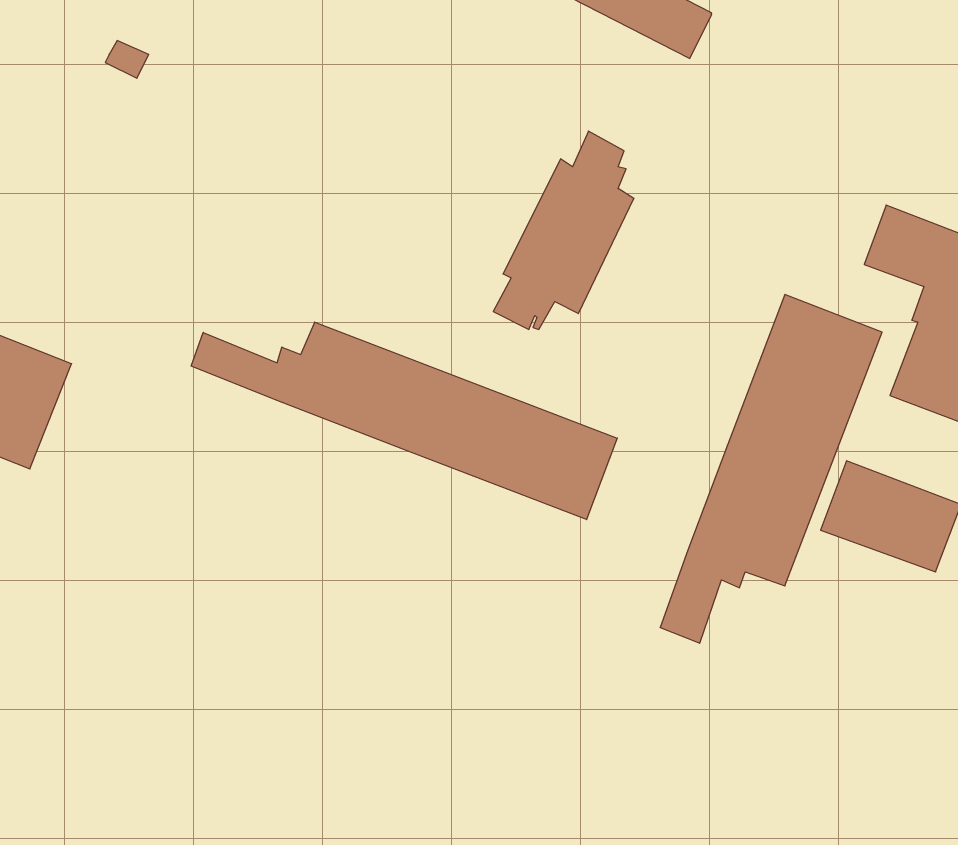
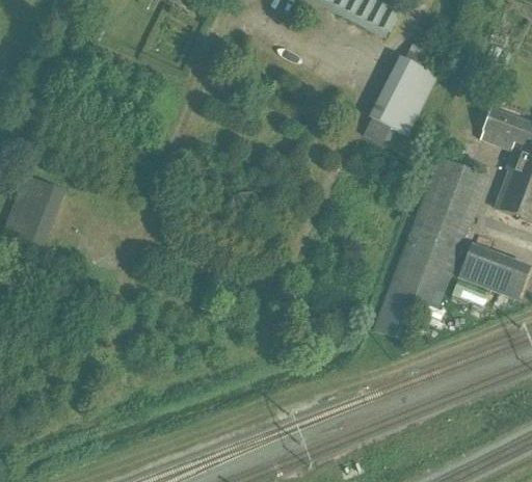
building: [493,131,634,329] -> [364,41,437,144]
building: [191,322,617,520] -> none

